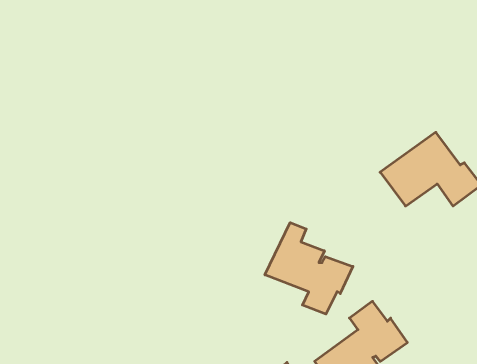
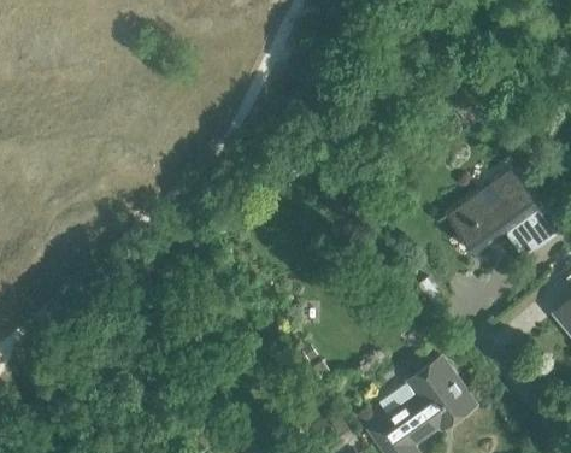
building: [265,223,353,314] -> none

